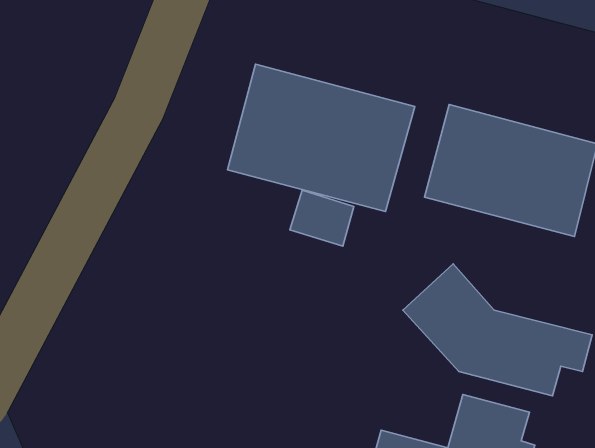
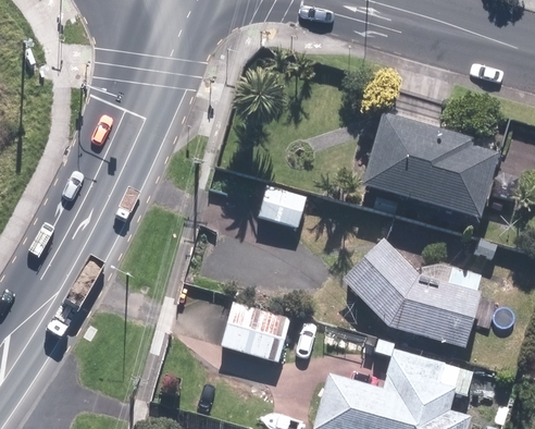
building: [228,64,415,211] -> none
building: none -> [219,297,291,364]

